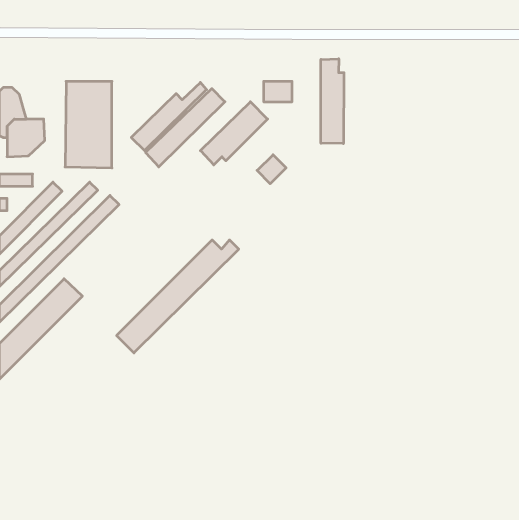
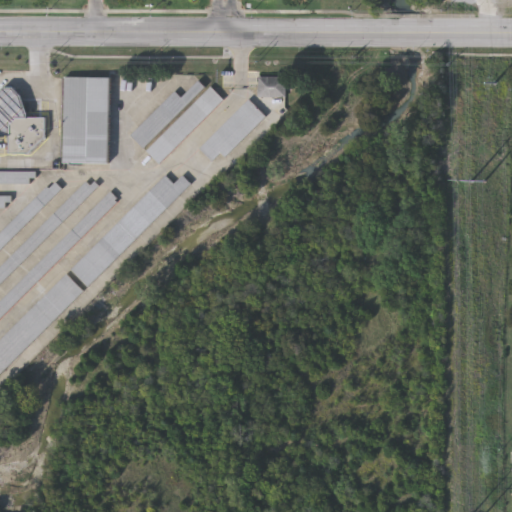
building: [321,59,344,144] -> none
building: [257,155,286,184] -> none
building: [117,240,239,353] -> [69,175,189,286]

